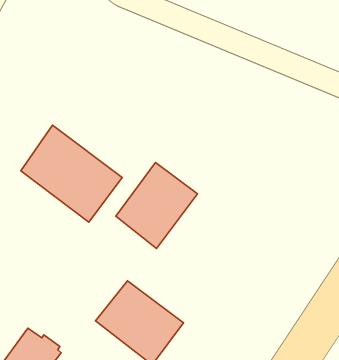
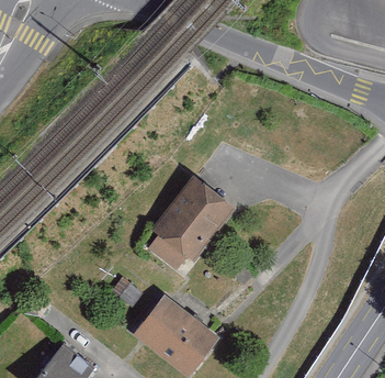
building: [21,125,122,222] -> none

